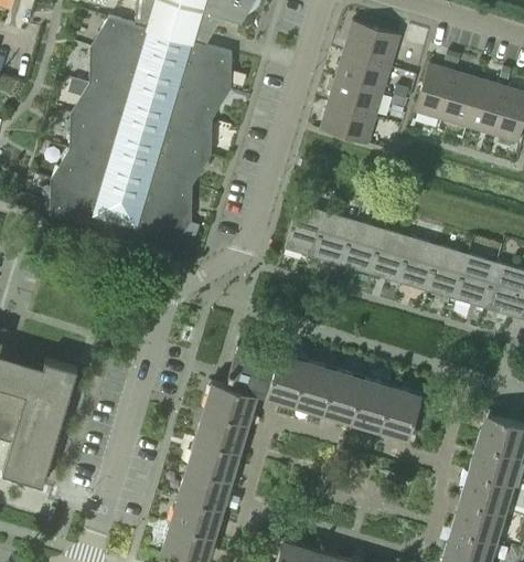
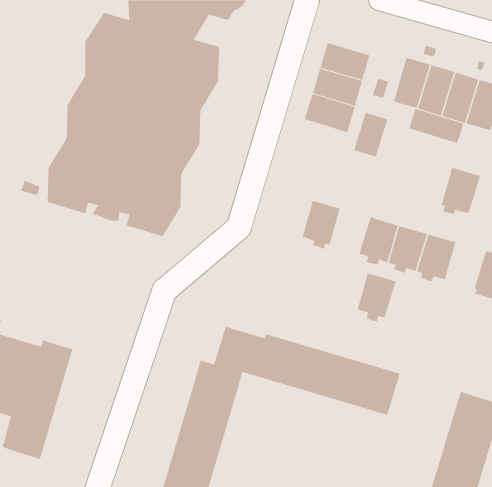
building: [345,21,399,62] -> none
building: none -> [409,108,464,144]
building: none -> [354,112,388,158]
building: [287,204,330,257] -> none
building: [349,223,391,275] -> [357,273,397,322]
building: [470,258,512,308] -> [441,167,481,215]

